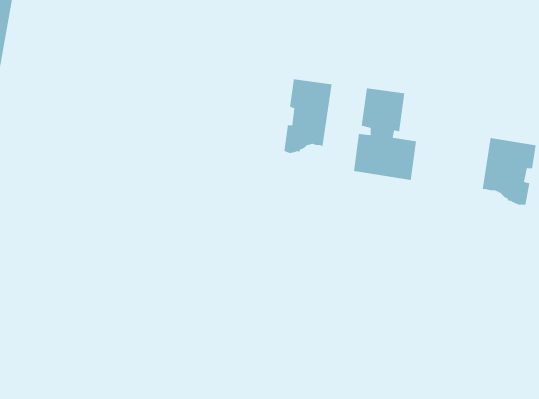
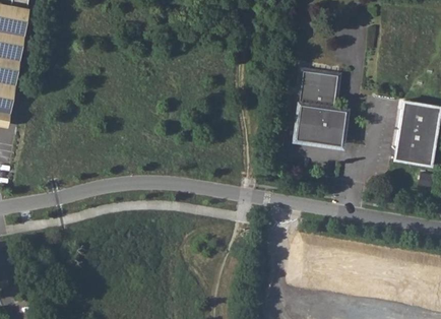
building: [284,79,332,154] -> none

